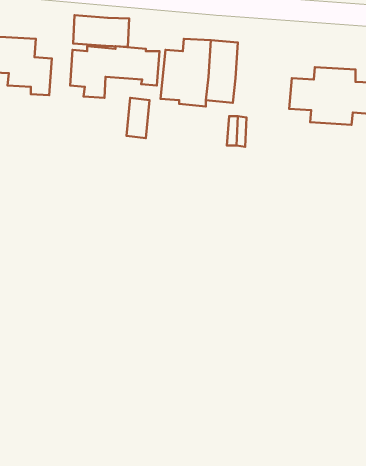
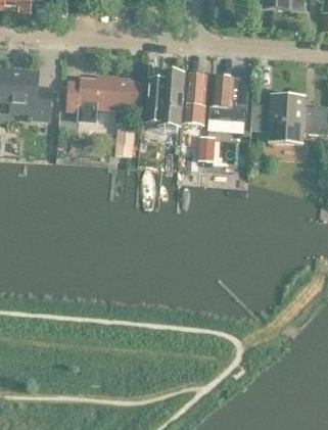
building: [73,15,129,47] -> none
building: none -> [207,75,248,131]

